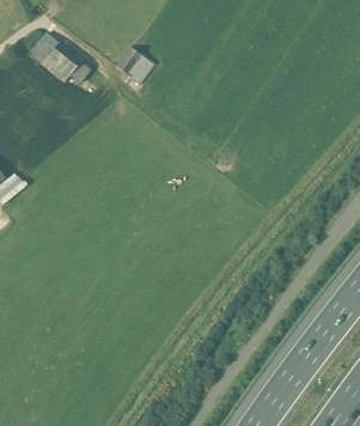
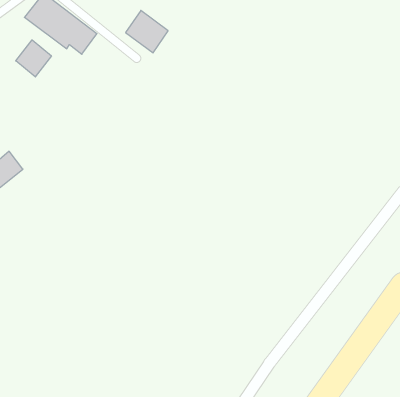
building: none -> [16,40,51,77]

